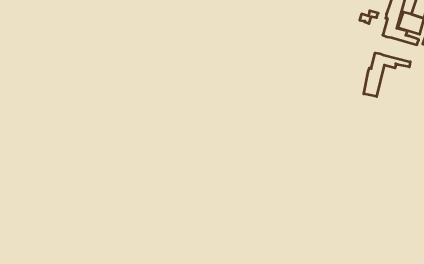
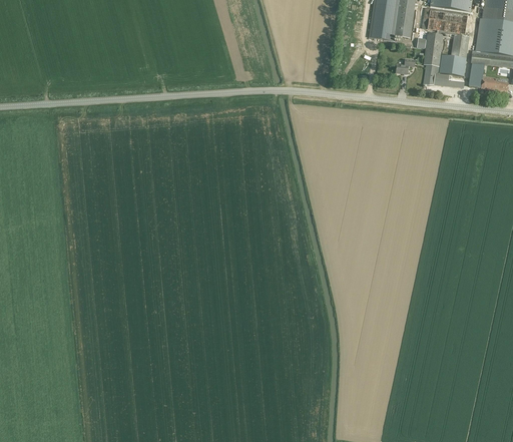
building: [364,53,410,97] -> none

